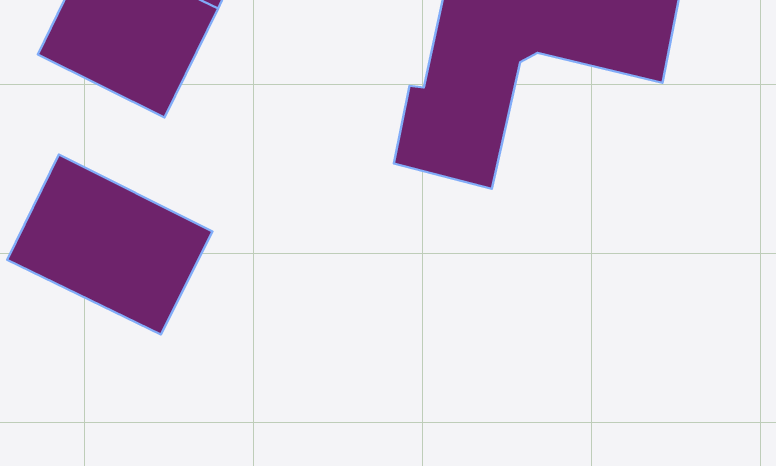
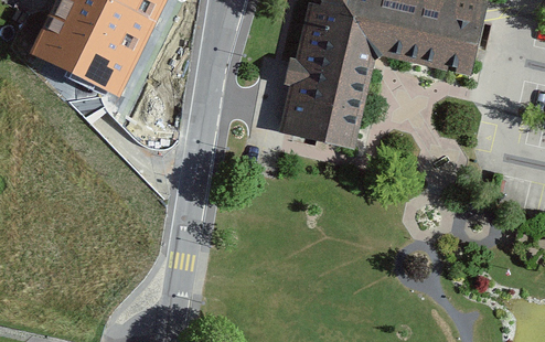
building: [7,155,213,335] -> none

